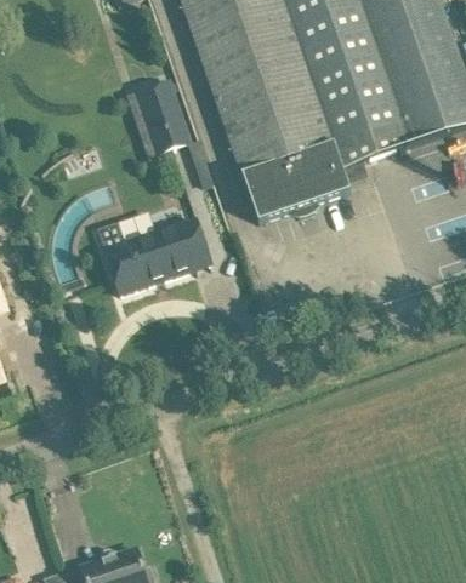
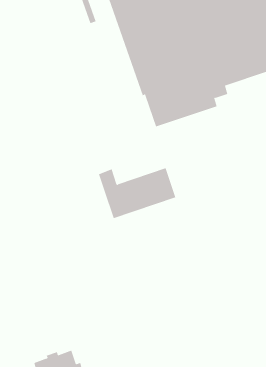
building: [135,79,194,156] -> none
building: [98,219,212,295] -> [98,168,176,219]

